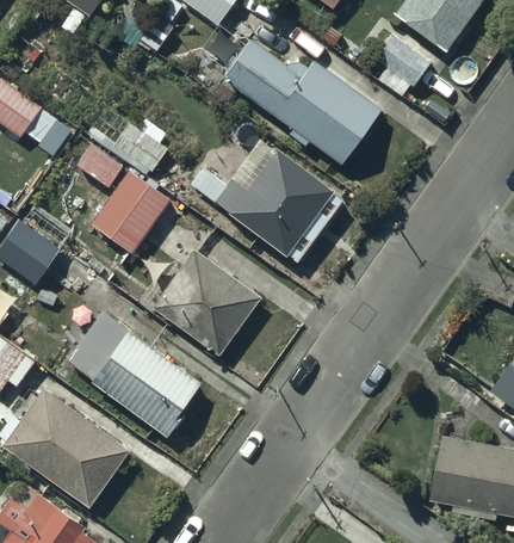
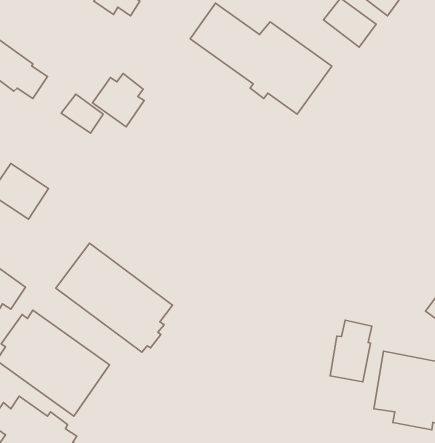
building: [191,146,339,258] -> none
building: [89,168,172,253] -> none
building: [151,249,260,356] -> none
building: none -> [330,320,372,382]

